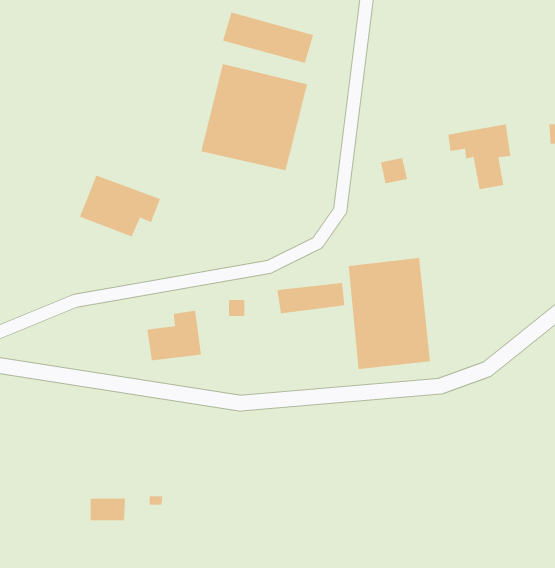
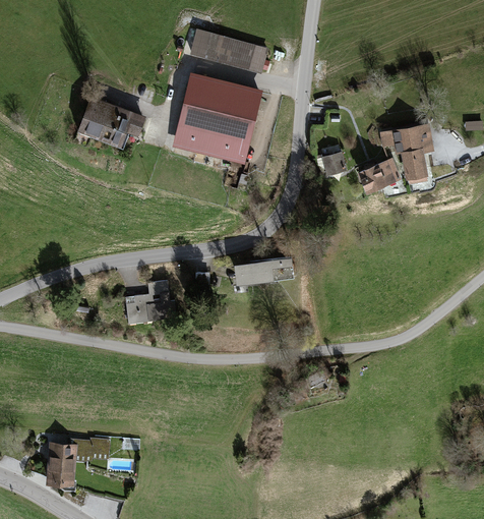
building: none -> [358,158,401,193]
building: [79,175,161,237] -> [77,96,146,149]
building: [348,257,430,370] -> none
building: none -> [48,445,75,486]

